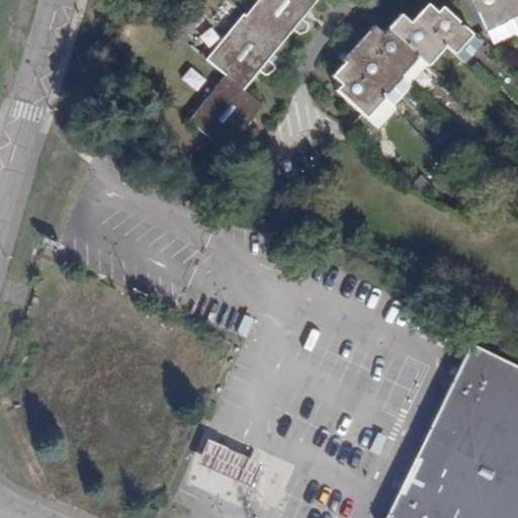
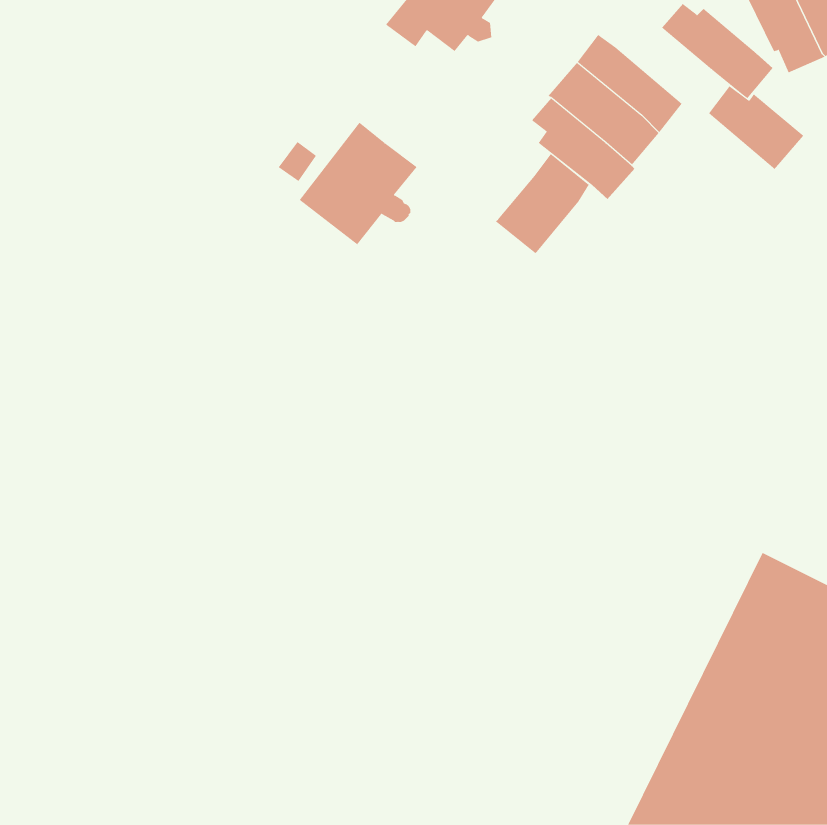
building: [385,12,445,65] -> [708,85,804,170]
building: [204,14,285,89] -> none
building: none -> [495,153,589,254]
building: [200,442,264,489] -> none

